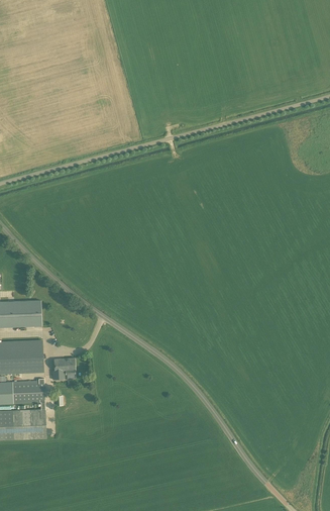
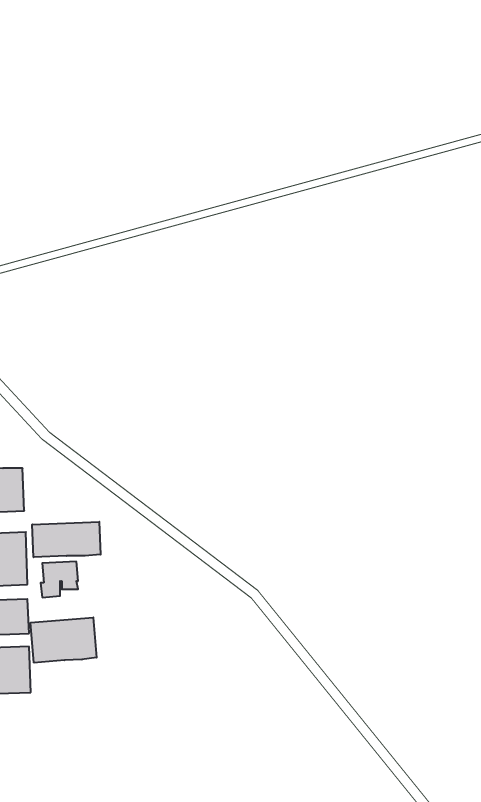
building: none -> [32,522,101,557]
building: none -> [31,617,97,663]

